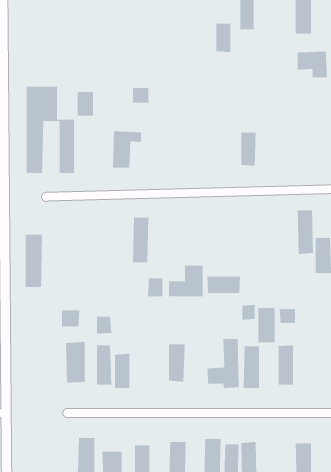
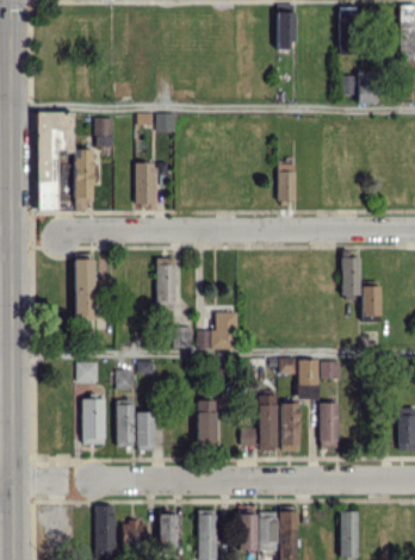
building: [216,23,231,53] -> none
building: [25,234,43,287] -> [75,260,95,319]
building: [207,276,240,294] -> none

